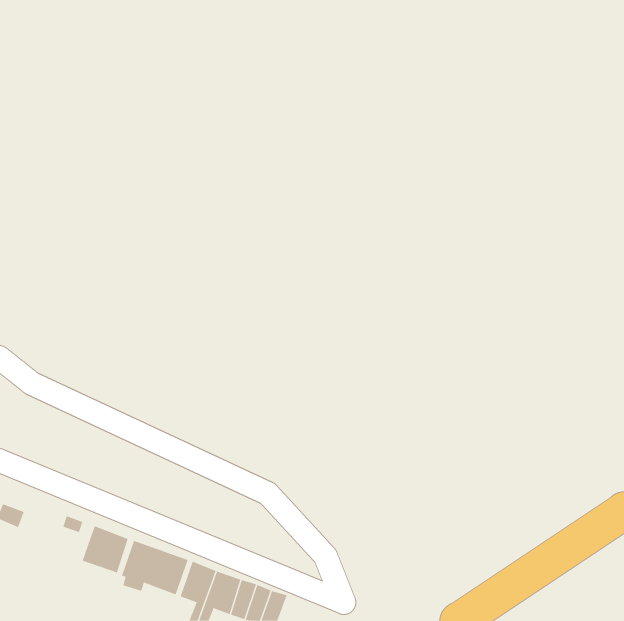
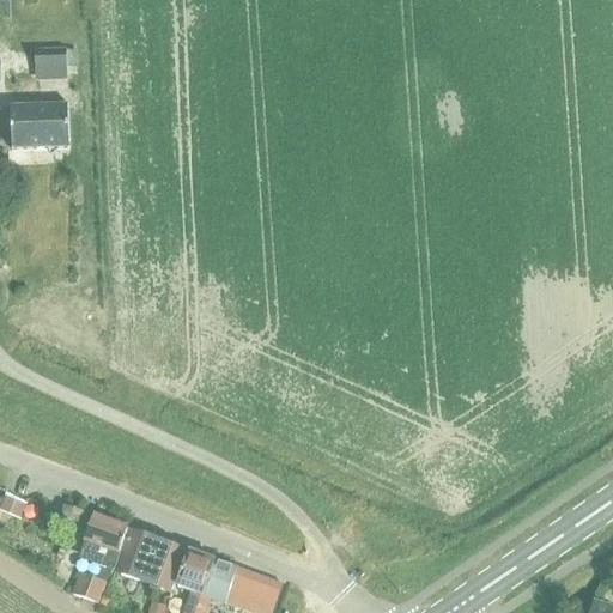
building: none -> [34,47,75,77]
building: none -> [10,102,68,147]
building: none -> [69,570,107,602]

